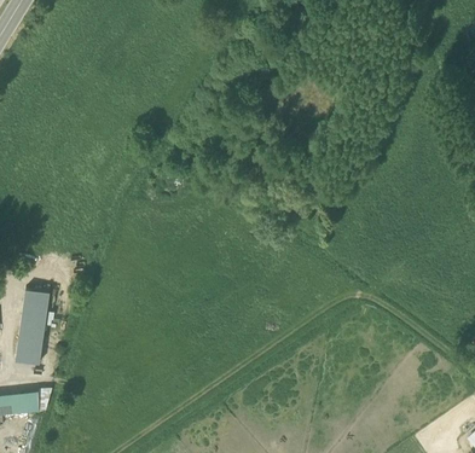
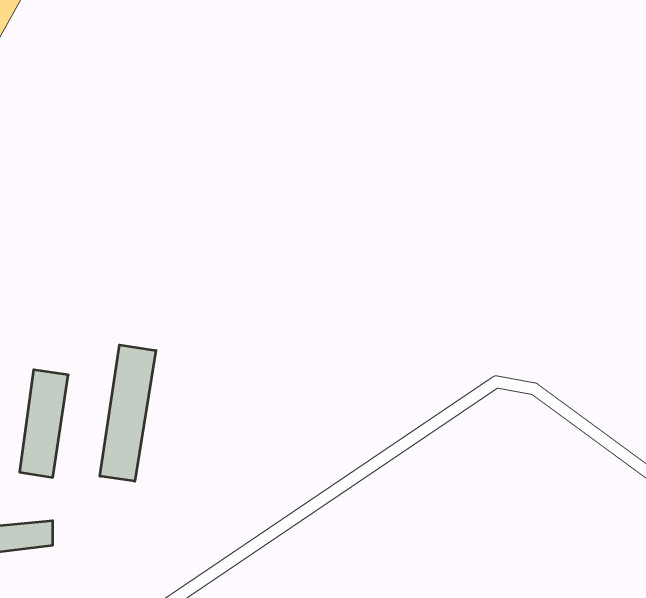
building: none -> [100,345,156,481]

